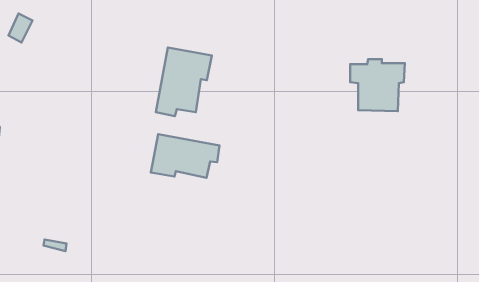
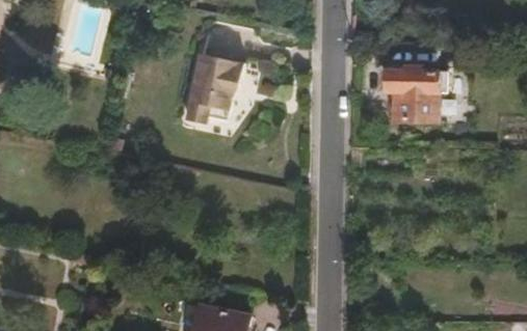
building: [151,134,220,178] -> none

